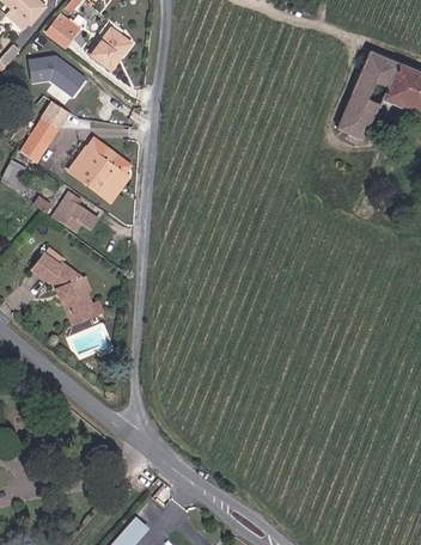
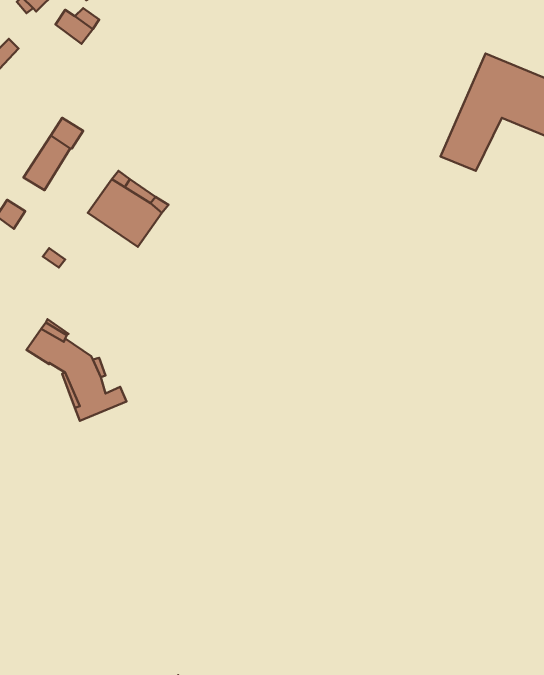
building: [89,25,133,74] -> none
building: [30,55,89,97] -> none
building: [56,194,100,233] -> none

